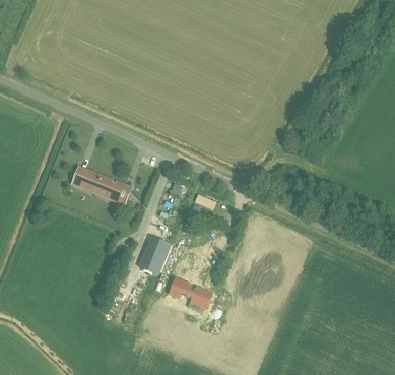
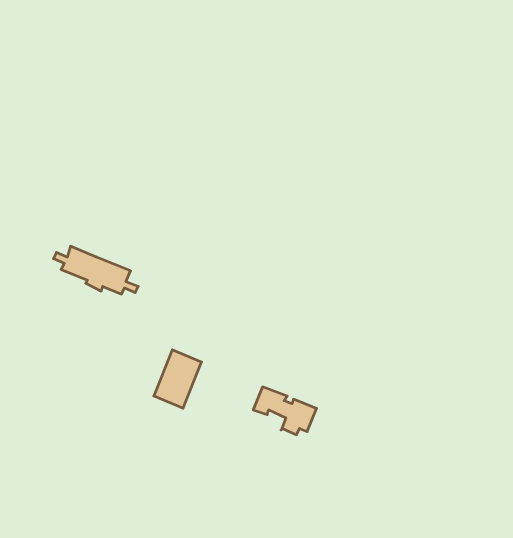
building: [169,277,210,309] -> [253,387,317,435]

